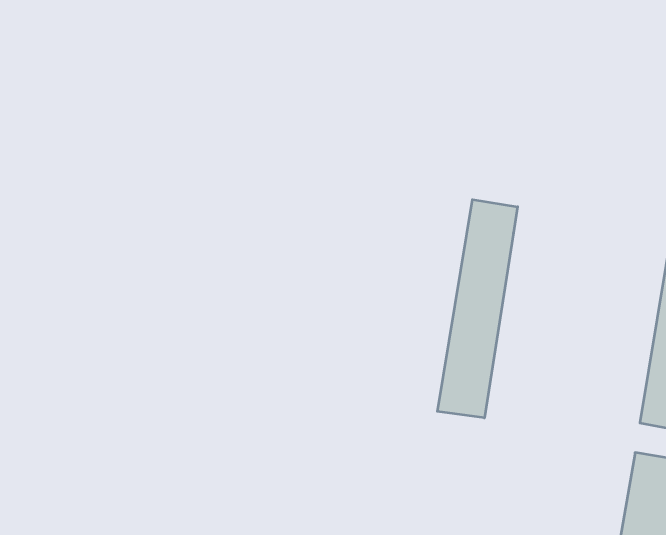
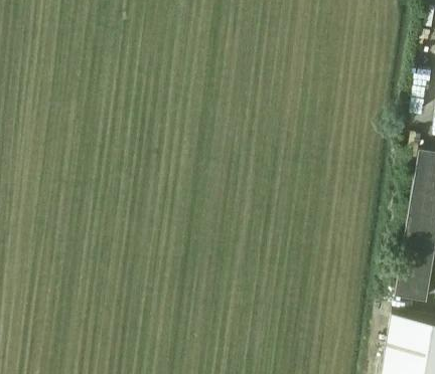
building: [437,200,518,418] -> none

